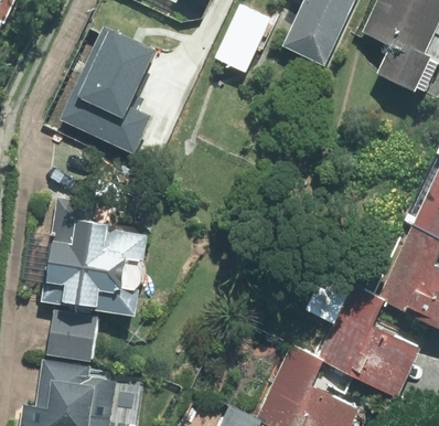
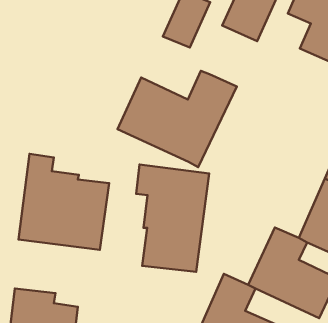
building: [61,25,159,152] -> none
building: none -> [118,71,237,167]
building: none -> [136,165,209,272]
building: [45,313,97,362] -> none

